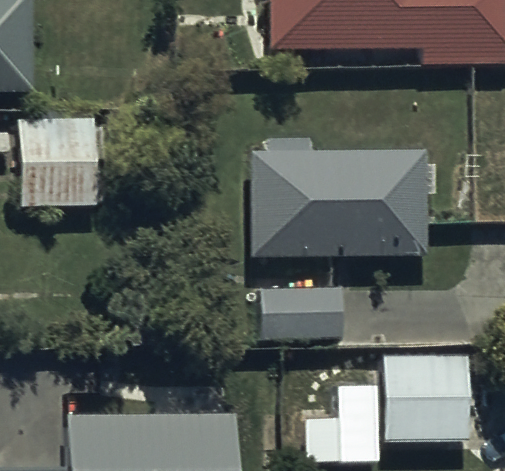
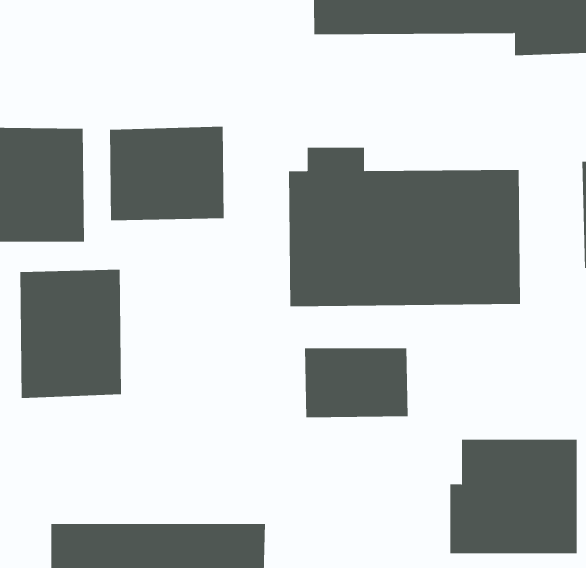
building: none -> [110,126,224,221]
building: none -> [20,269,122,399]

